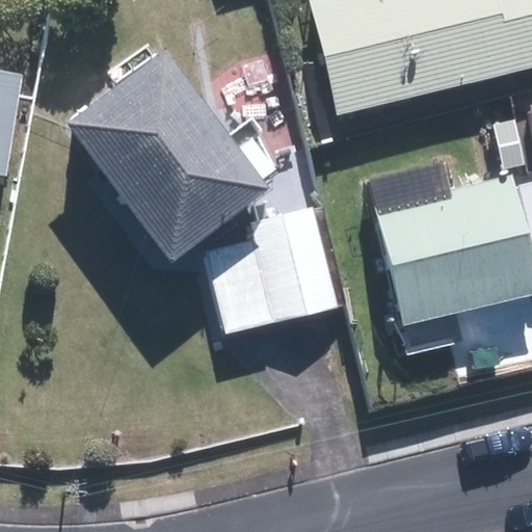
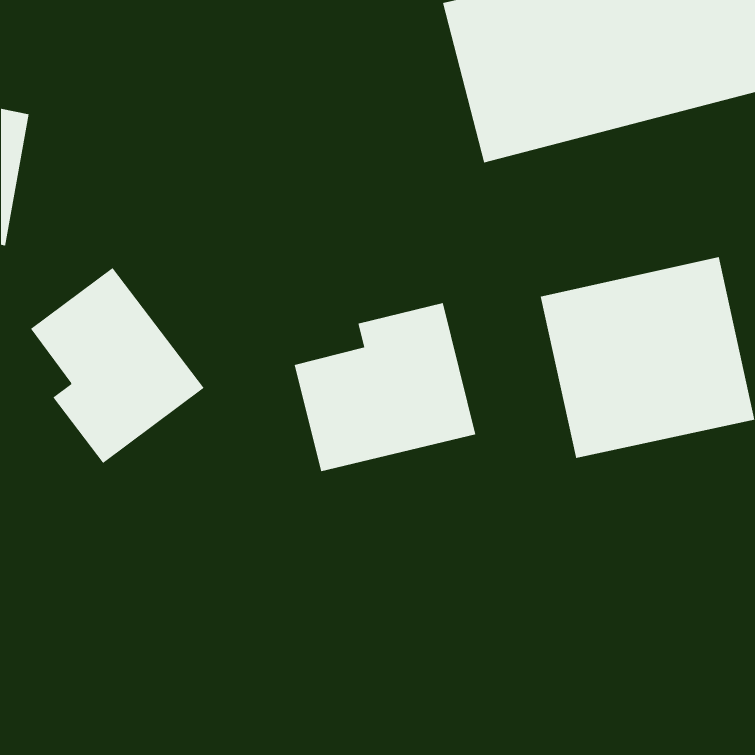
building: [69,55,262,260] -> none
building: none -> [30,267,205,464]

